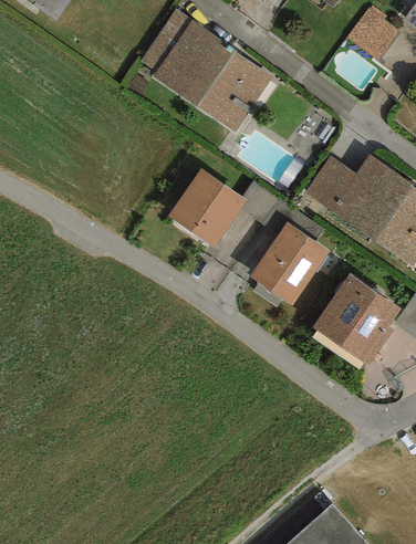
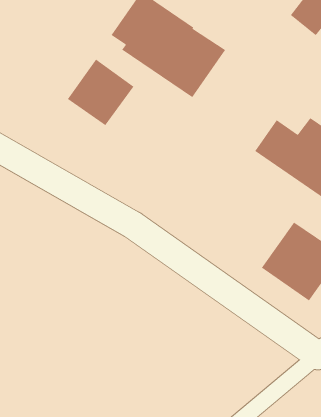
building: [168,169,246,247] -> [67,59,134,126]
building: [251,223,329,304] -> none

